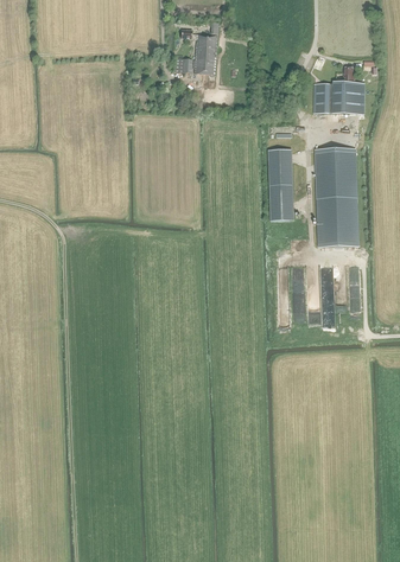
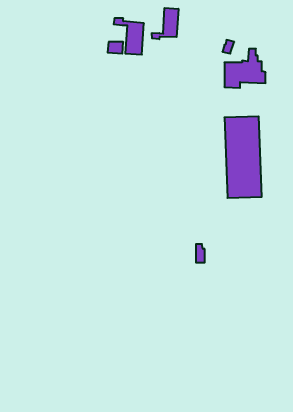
building: none -> [152,8,178,39]
building: [267,148,293,221] -> none

